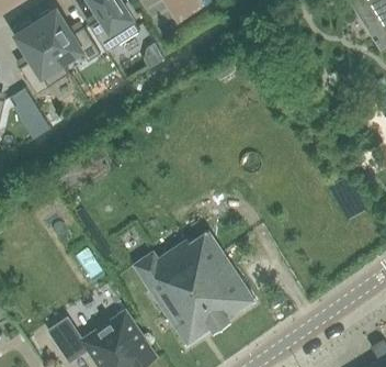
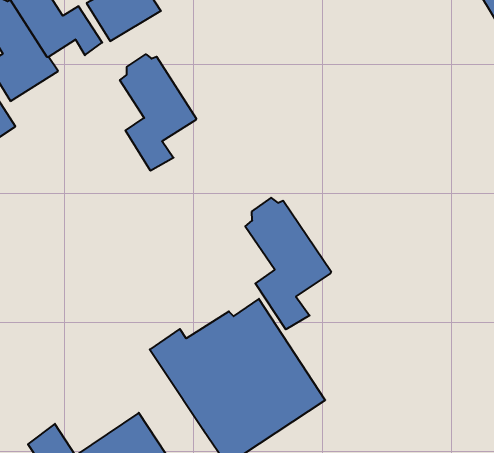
building: none -> [120,54,196,171]
building: none -> [245,198,331,329]

